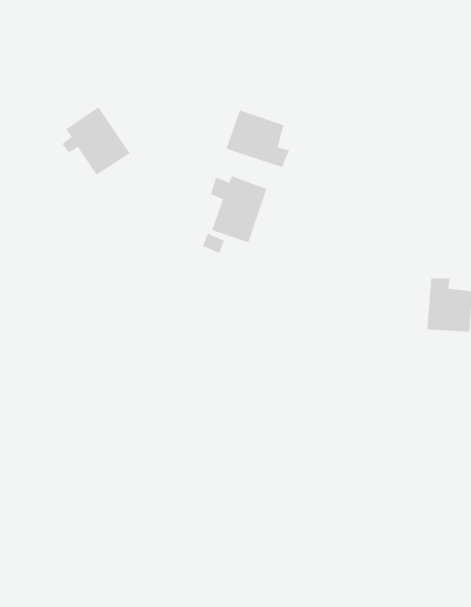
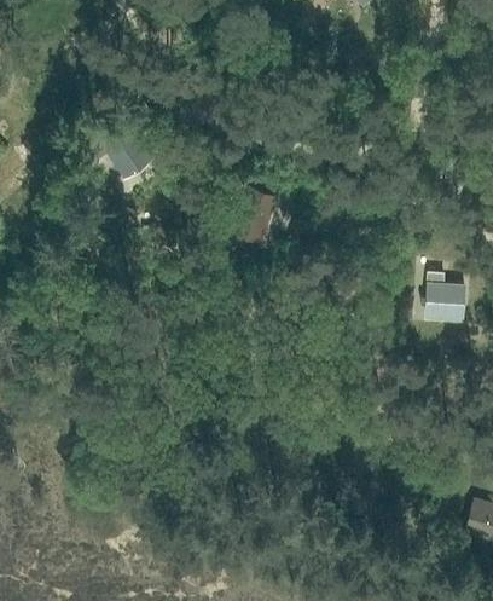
building: [226,110,290,168] -> none

